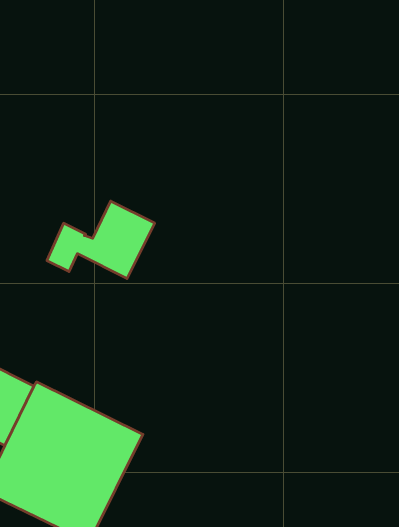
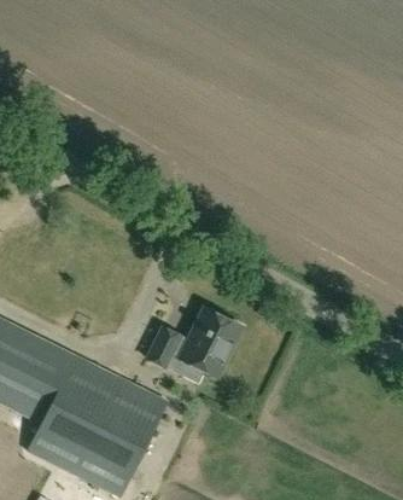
building: [47,201,155,279] -> [146,304,240,372]

